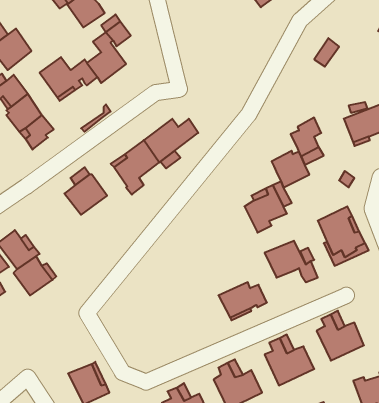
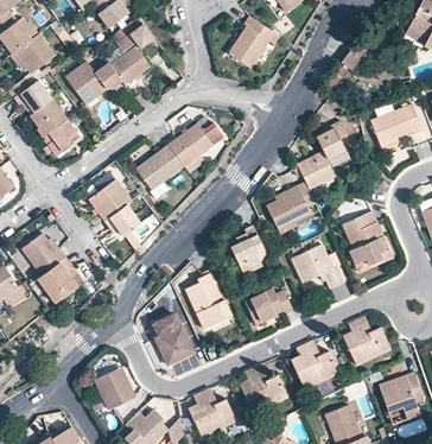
building: none -> [225,14,278,66]
building: none -> [106,203,140,234]
building: none -> [231,228,266,277]
building: none -> [186,272,229,328]
building: none -> [152,313,195,366]

